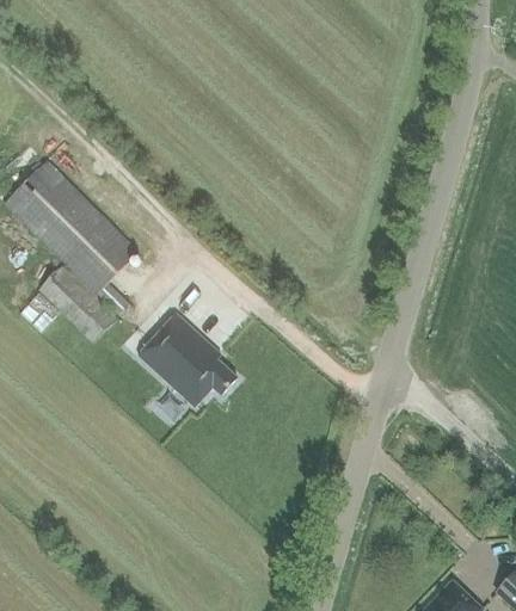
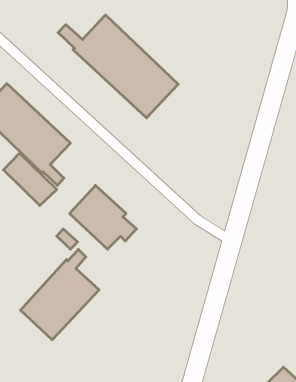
building: none -> [58,15,178,118]
building: none -> [20,249,99,340]

